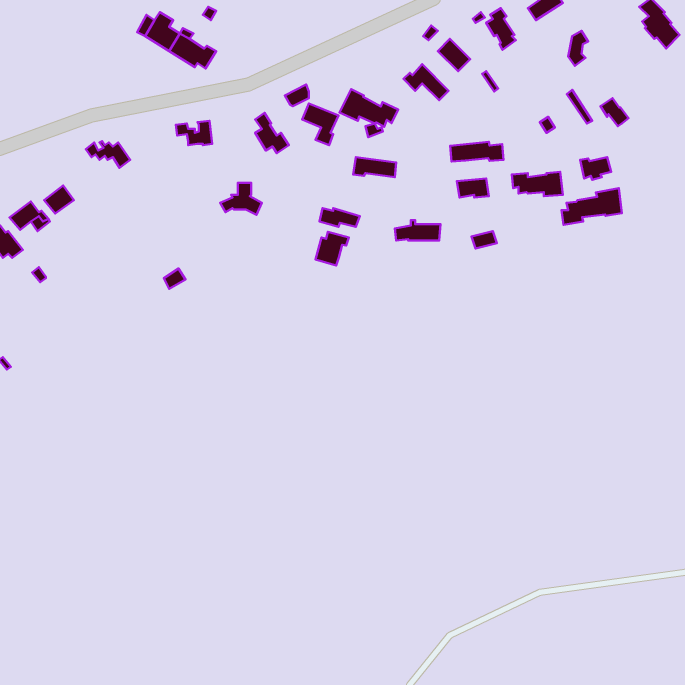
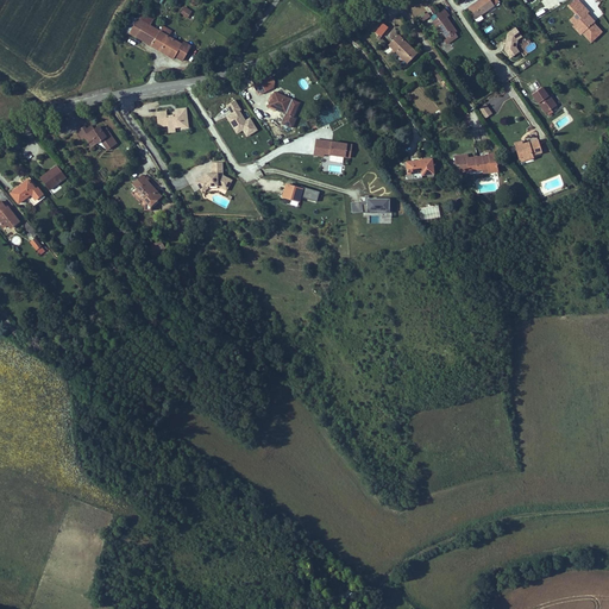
building: [403,64,449,100] -> none
building: [340,89,398,127] -> none
building: [450,142,503,161] -> none
building: [561,188,622,225] -> none
building: none -> [131,174,162,211]
building: [315,232,349,265] -> none

